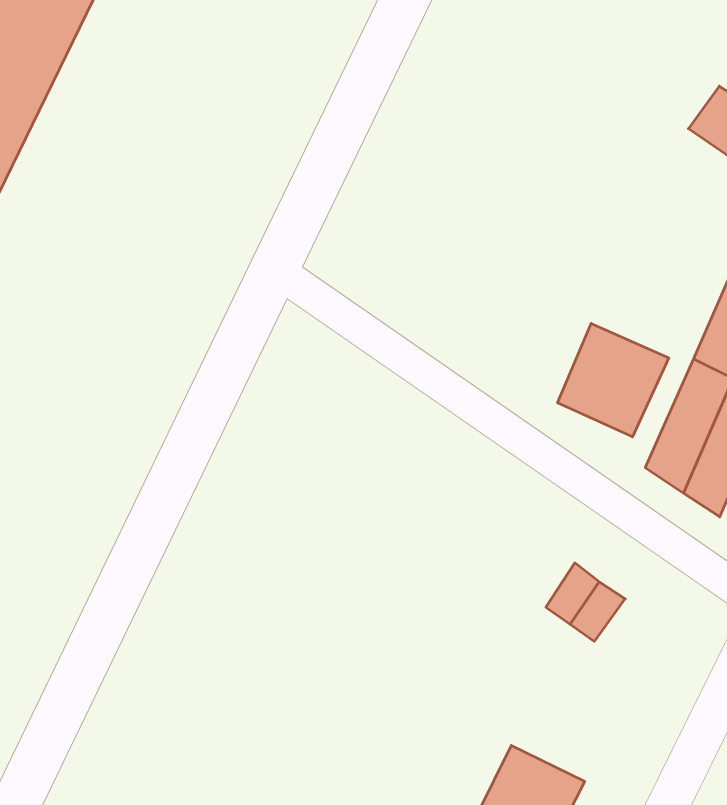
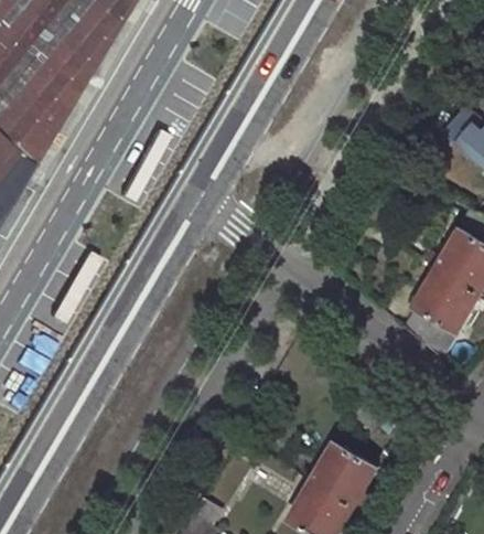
building: [558,323,669,437] -> none
building: none -> [313,440,376,503]

